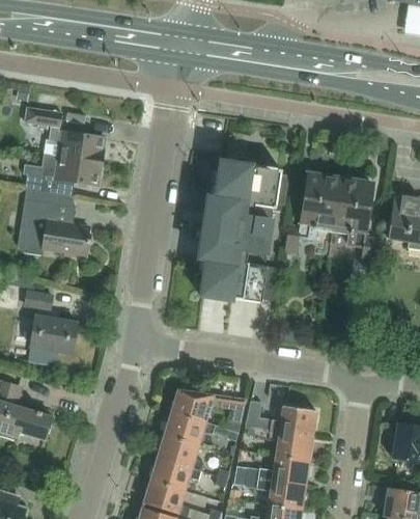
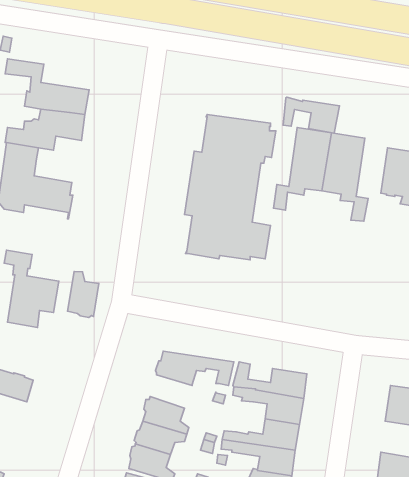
building: none -> [283,97,340,133]
building: none -> [68,271,99,318]
building: [163,411,215,443] -> none

